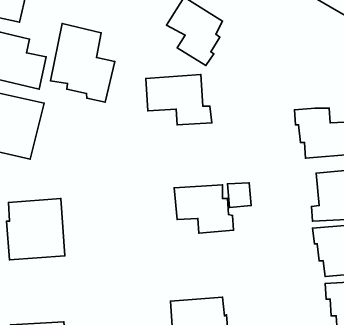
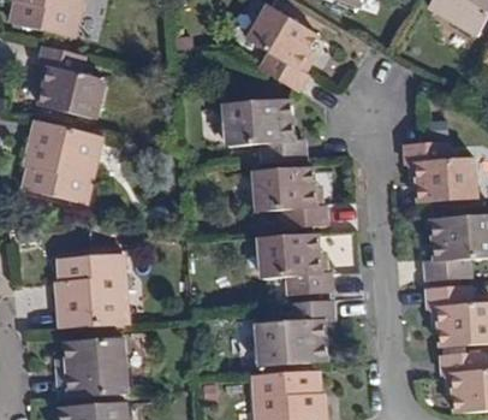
building: [50,23,115,102] -> none
building: none -> [254,166,326,227]
building: none -> [257,300,333,366]
building: none -> [55,335,126,397]

